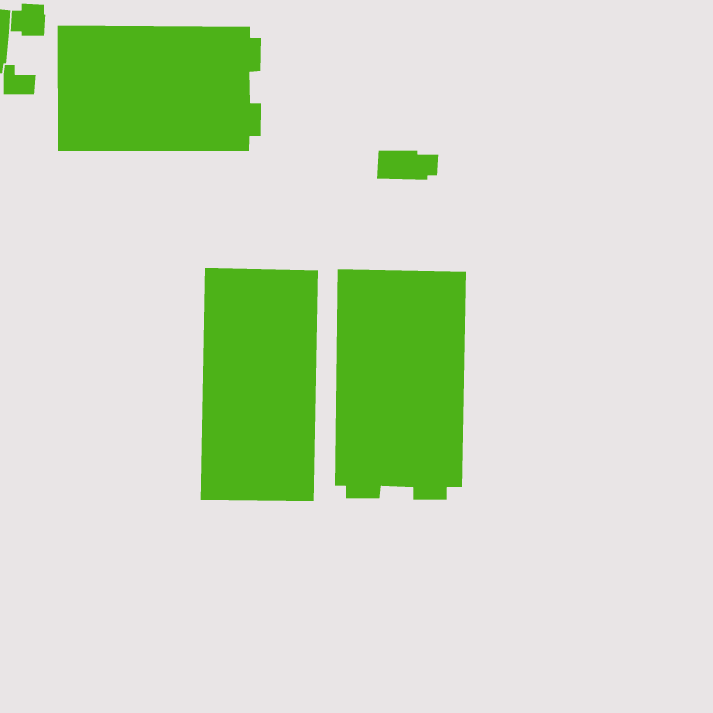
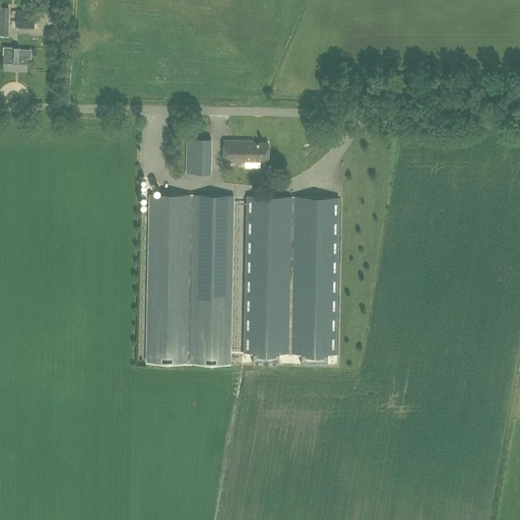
building: [57,25,262,152] -> none
building: [376,150,439,180] -> [221,139,267,161]
building: none -> [185,137,210,171]

